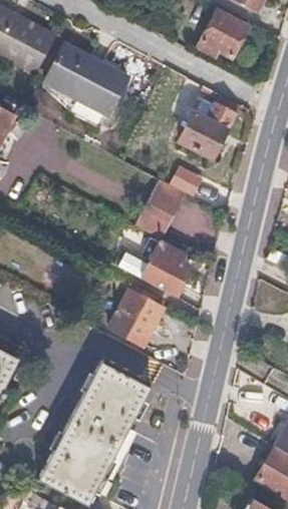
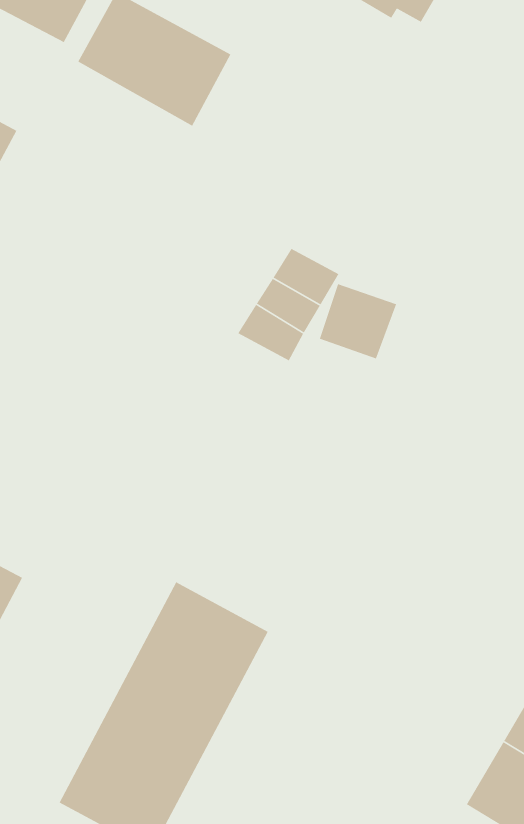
building: [167,92,241,158] -> none
building: [110,238,190,298] -> none
building: [109,285,161,344] -> none

